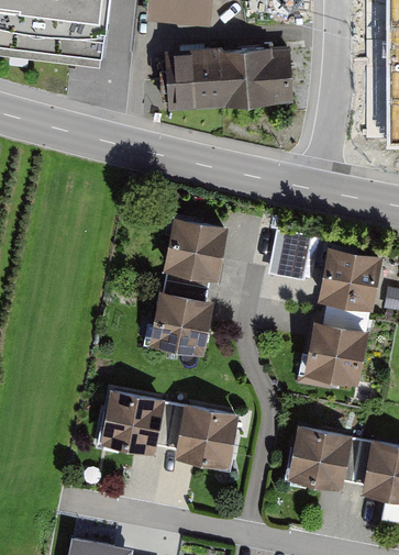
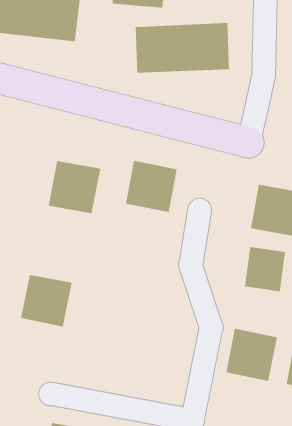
building: [269,233,312,282] -> none
building: [148,289,214,355] -> [48,160,101,214]
building: [100,388,165,453] -> [20,275,73,327]
building: [175,403,239,467] -> none

